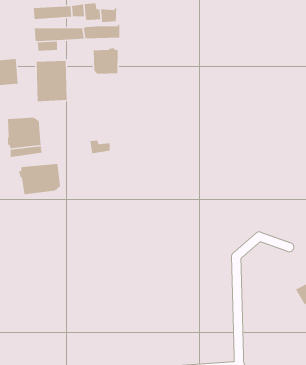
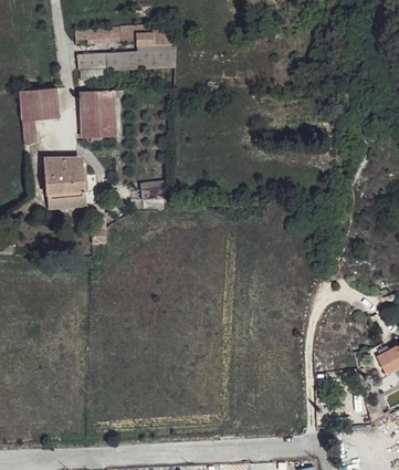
building: [93,48,119,74] -> none
building: [18,163,61,195] -> none

